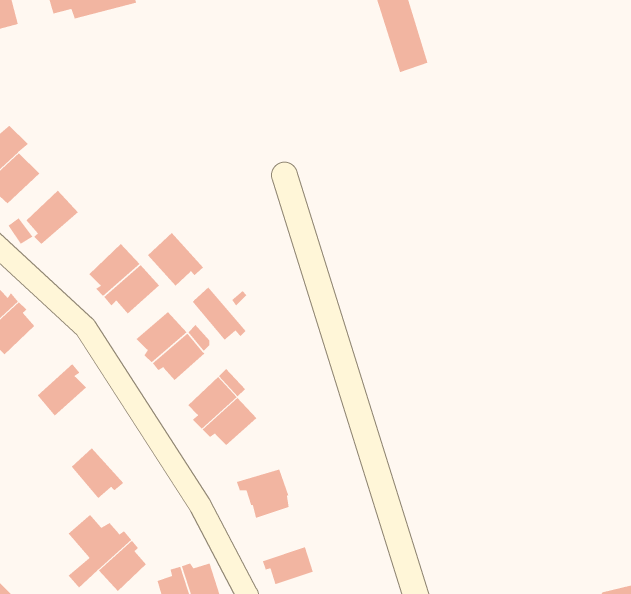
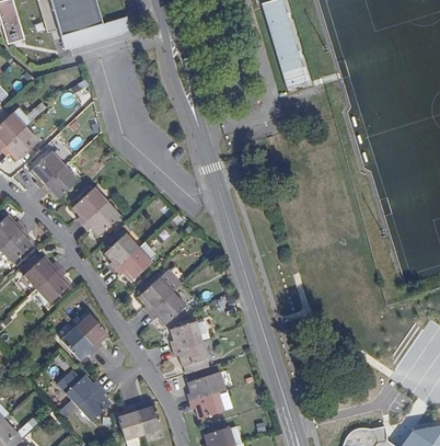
building: none -> [39,167,77,201]
building: [147,232,204,287] -> none
building: [192,286,247,341] -> none
building: none -> [23,258,60,290]
building: none -> [73,313,107,350]
building: none -> [169,321,209,348]
building: none -> [186,371,224,402]

